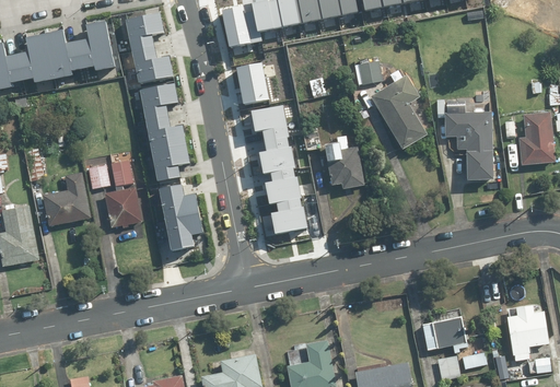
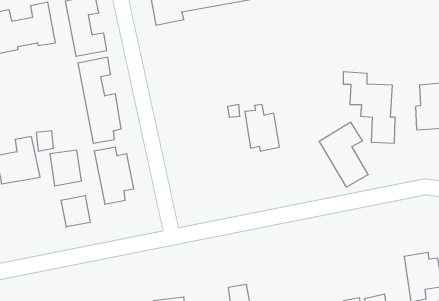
building: [354,61,382,85] -> none
building: [233,62,265,104] -> none
building: [373,75,429,149] -> [319,122,368,187]
building: [248,105,305,234] -> none
building: [110,161,133,187] -> none
building: none -> [61,195,90,227]
building: [423,316,468,353] -> none

